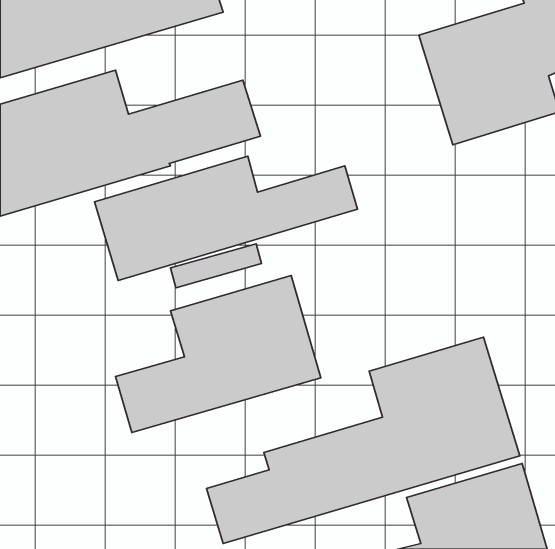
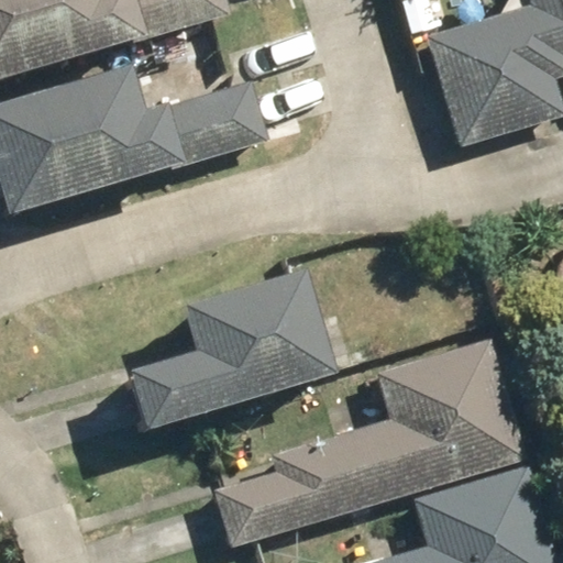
building: [95,156,358,280] -> none

